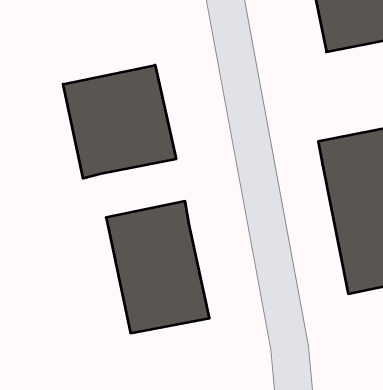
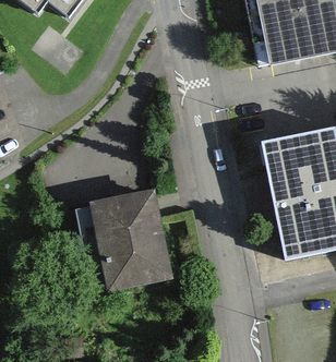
building: [63,65,176,178] -> none

